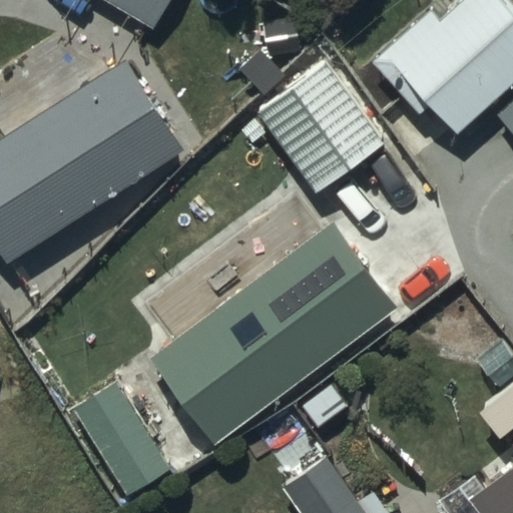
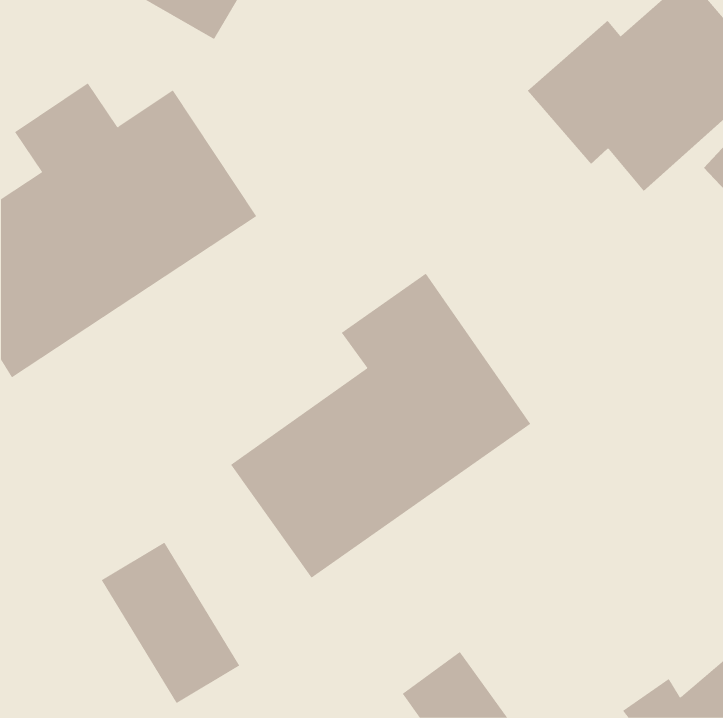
building: [256,64,385,195] -> none

